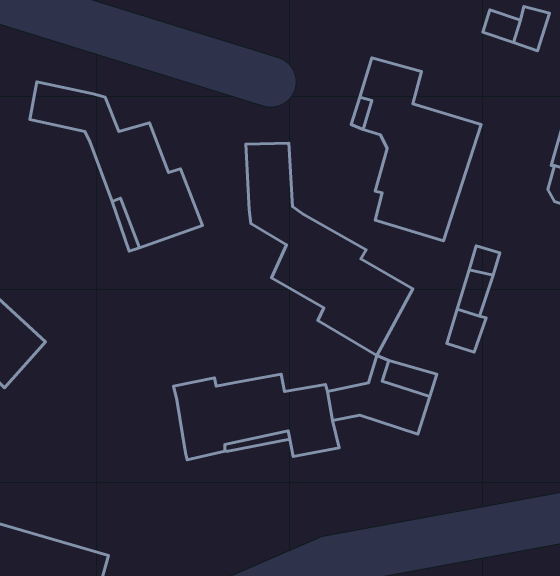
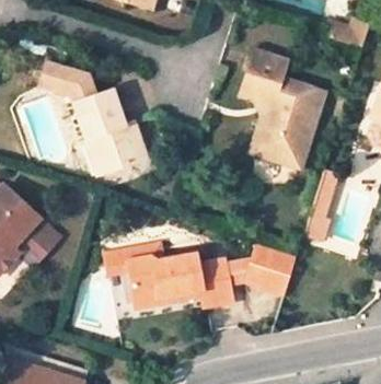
building: [246,143,413,355] -> none
building: none -> [107,242,168,275]

